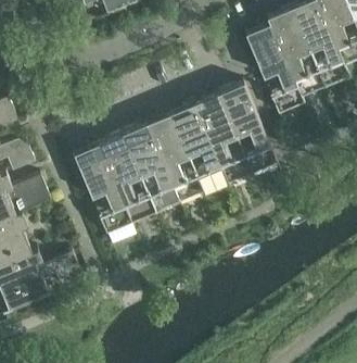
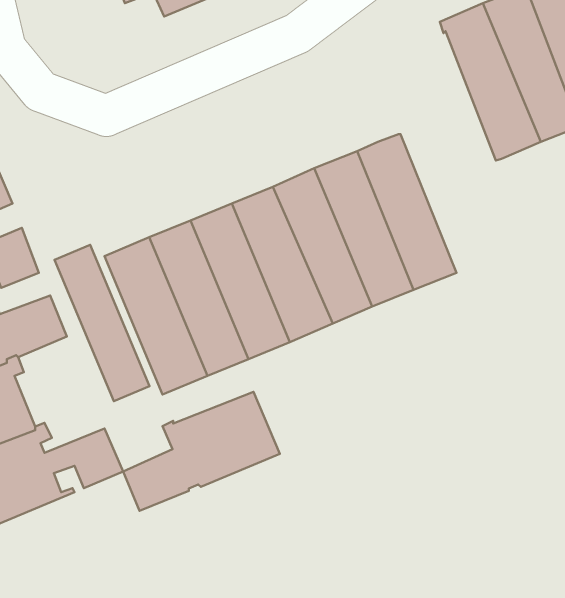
building: [243,18,303,110] -> none
building: none -> [55,245,149,401]
building: none -> [123,392,280,511]

